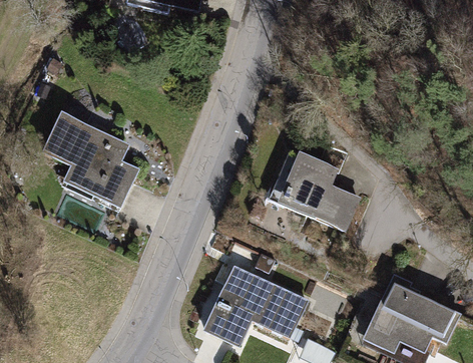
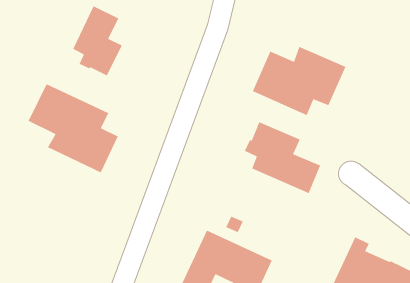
building: none -> [72,5,123,77]
building: none -> [252,46,346,116]

